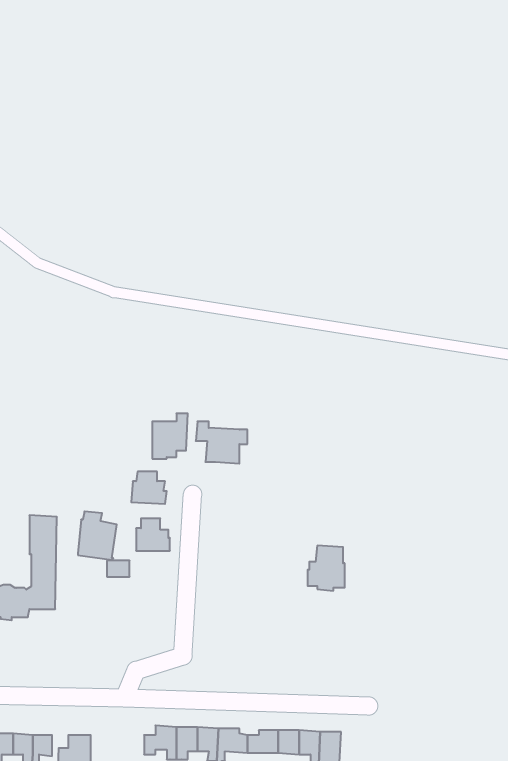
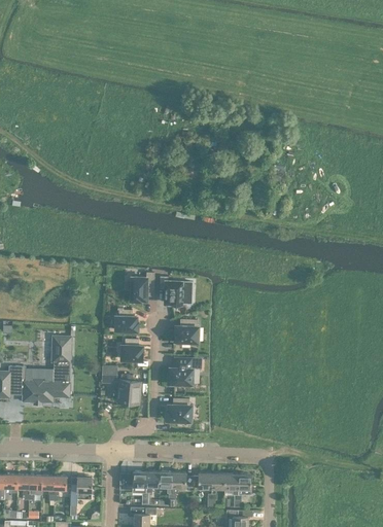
building: none -> [175,318,199,342]
building: [78,511,117,560] -> [116,374,141,405]
building: [308,546,345,591] -> [170,355,194,384]
building: none -> [166,398,189,421]

